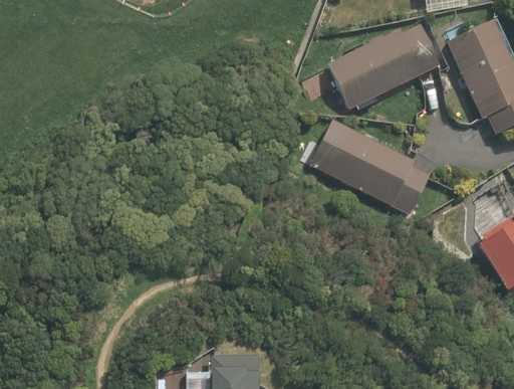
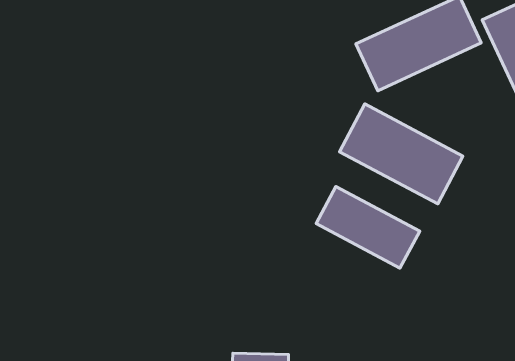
building: none -> [316,186,420,268]

